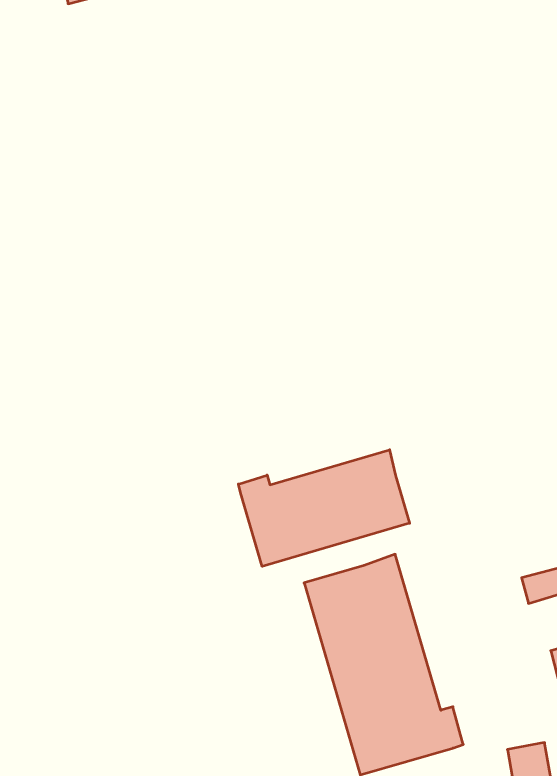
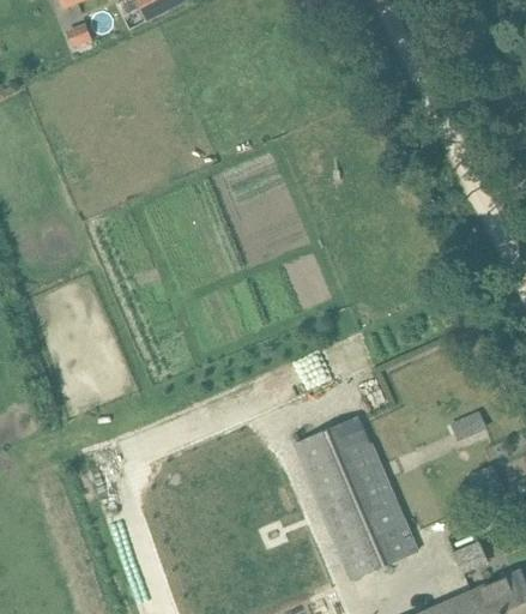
building: [238,450,410,566] -> none

